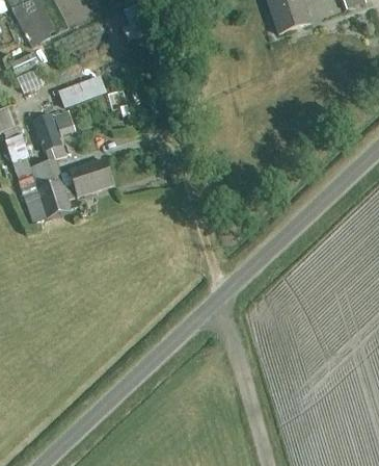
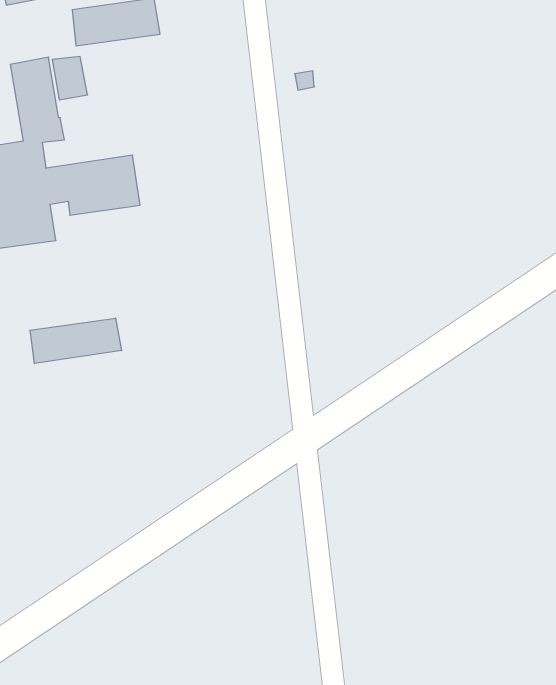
building: none -> [30,318,122,364]

